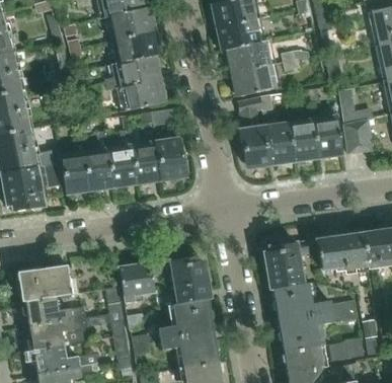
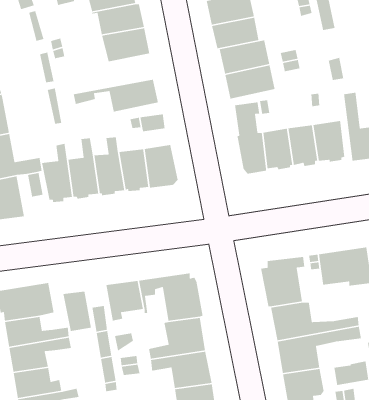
building: [87,54,163,91] -> none
building: none -> [62,285,92,332]

